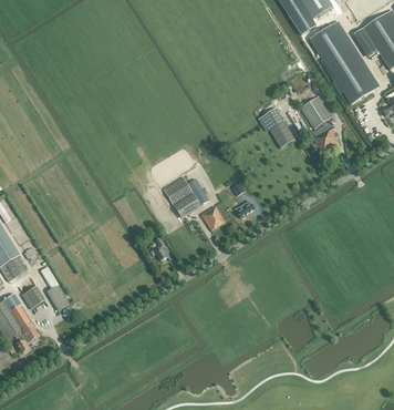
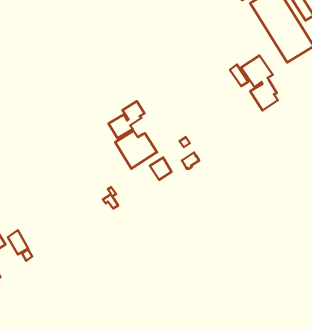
building: [258,106,294,146] -> none
building: none -> [109,101,144,138]

